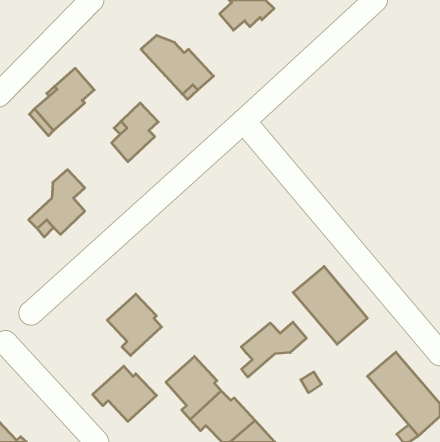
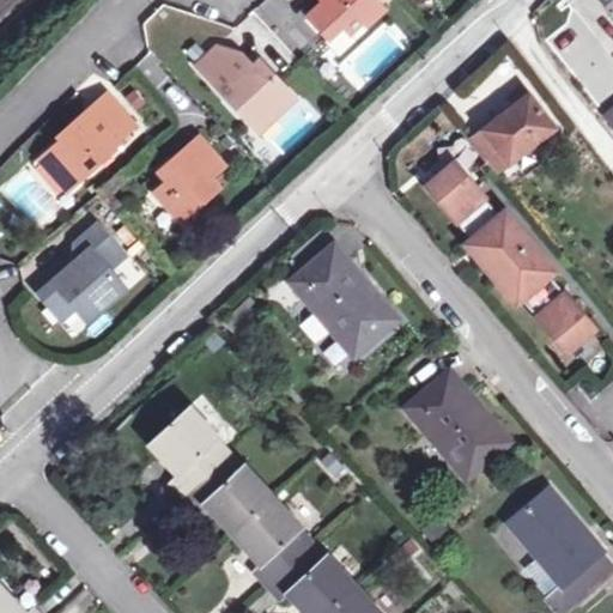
building: none -> [485,97,562,172]
building: none -> [425,160,591,348]
building: none -> [290,239,397,353]
building: [241,322,306,377] -> none
building: [93,366,157,421] -> [181,453,269,529]

